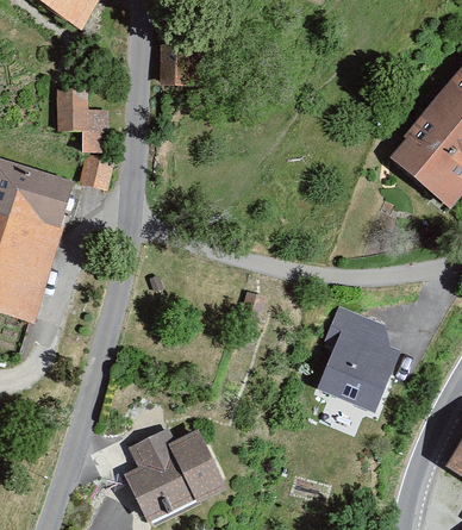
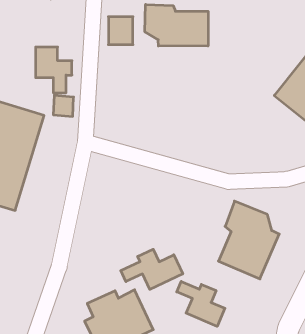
building: none -> [145,4,208,46]
building: none -> [121,249,183,289]
building: none -> [177,281,225,326]

